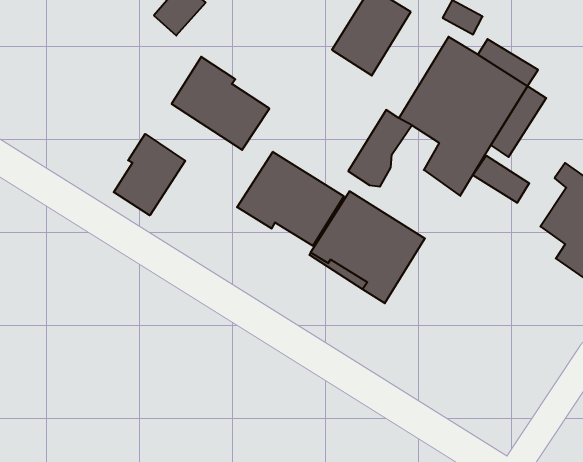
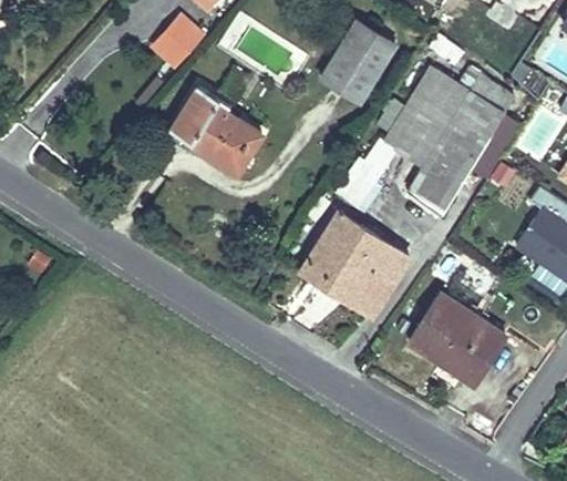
building: [114,134,185,215] -> none
building: [237,152,344,246] -> none
building: [473,156,529,203] -> none
building: none -> [406,291,505,383]

